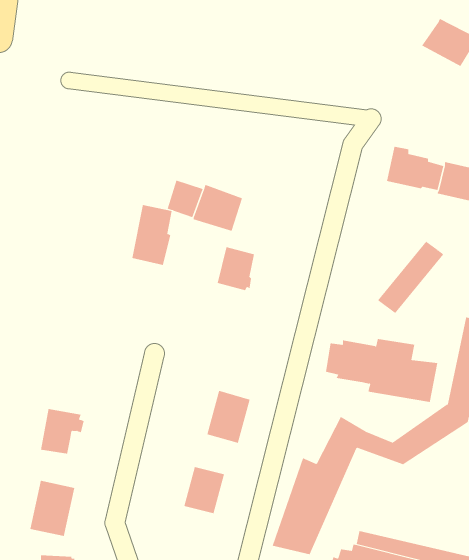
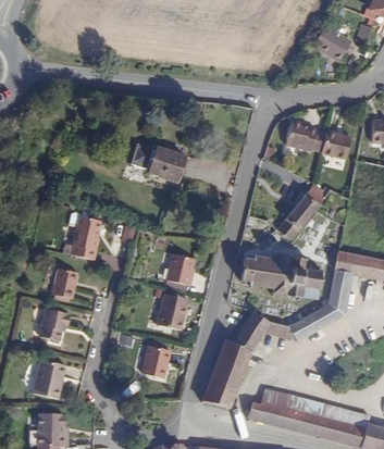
building: [131,205,173,266] -> [70,213,99,257]
building: [217,246,255,291] -> [166,253,194,285]
building: none -> [51,265,76,296]

